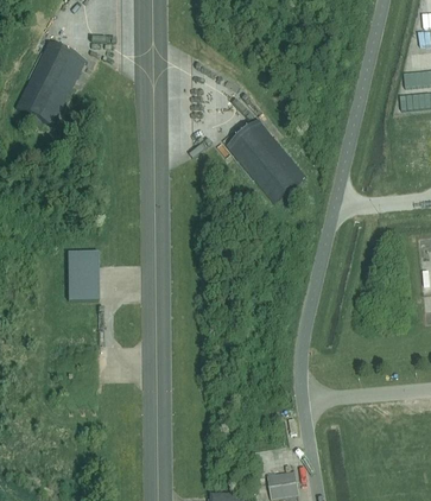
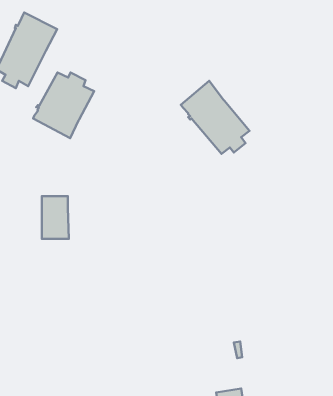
building: none -> [33,72,94,138]

